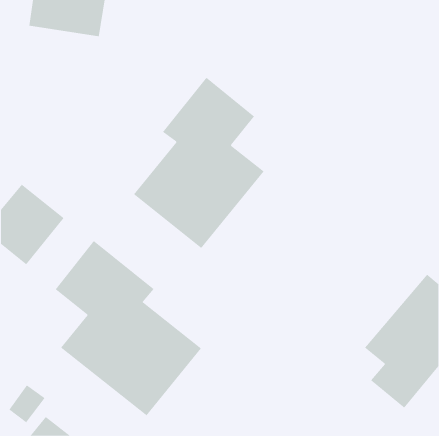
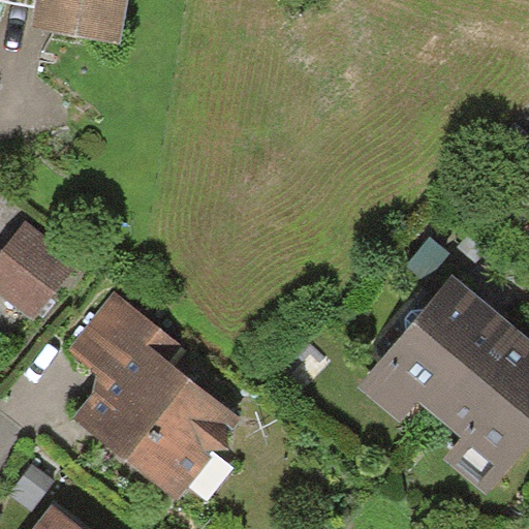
building: [133,77,265,249] -> none
building: none -> [362,279,514,421]

